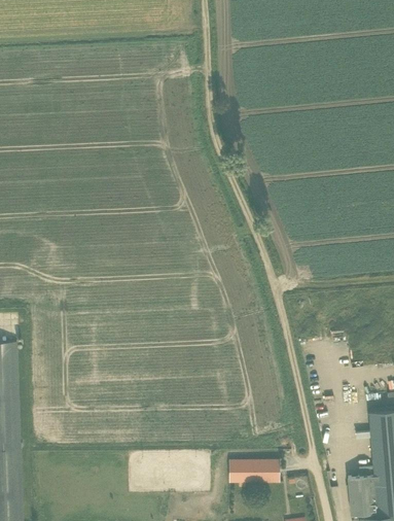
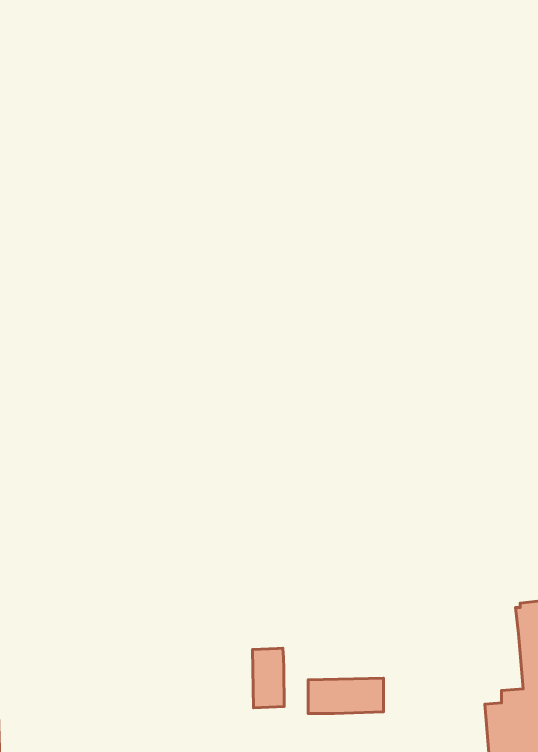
building: none -> [252,648,284,708]

